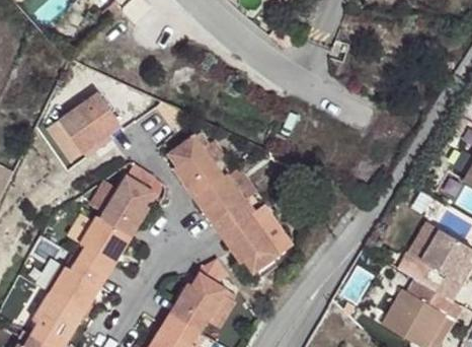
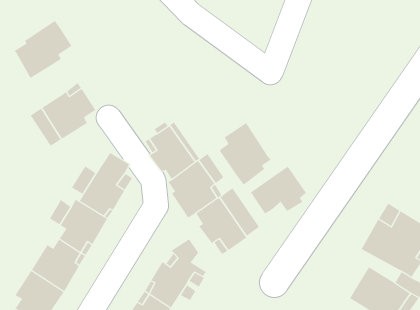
building: none -> [14,20,72,79]
building: none -> [219,122,272,185]
building: none -> [250,166,306,214]

